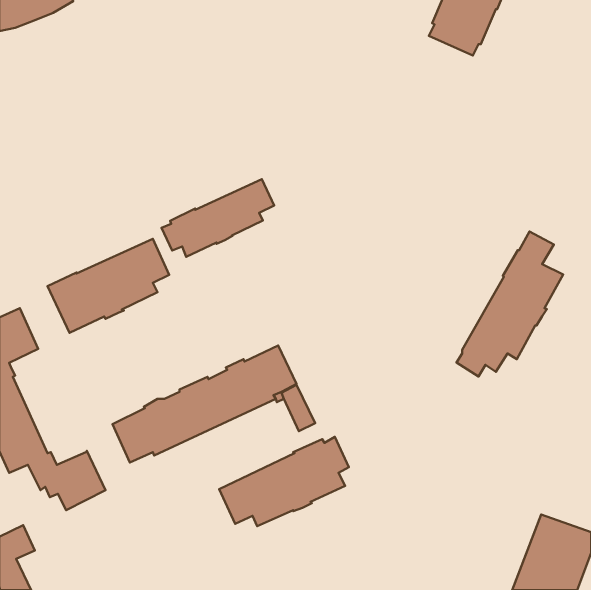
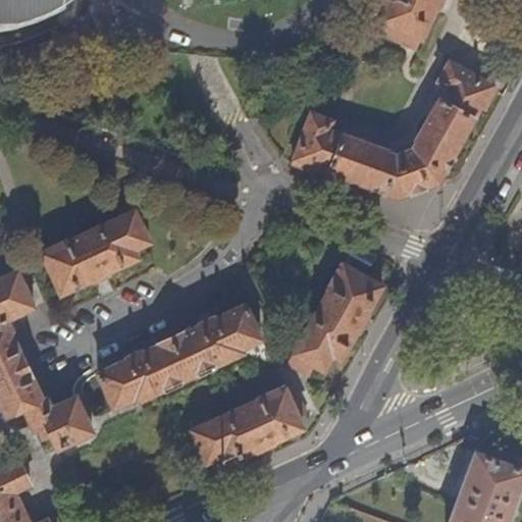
building: none -> [293,61,495,196]
building: [161,179,274,257] -> none
building: [456,232,563,377] -> [289,248,382,375]

